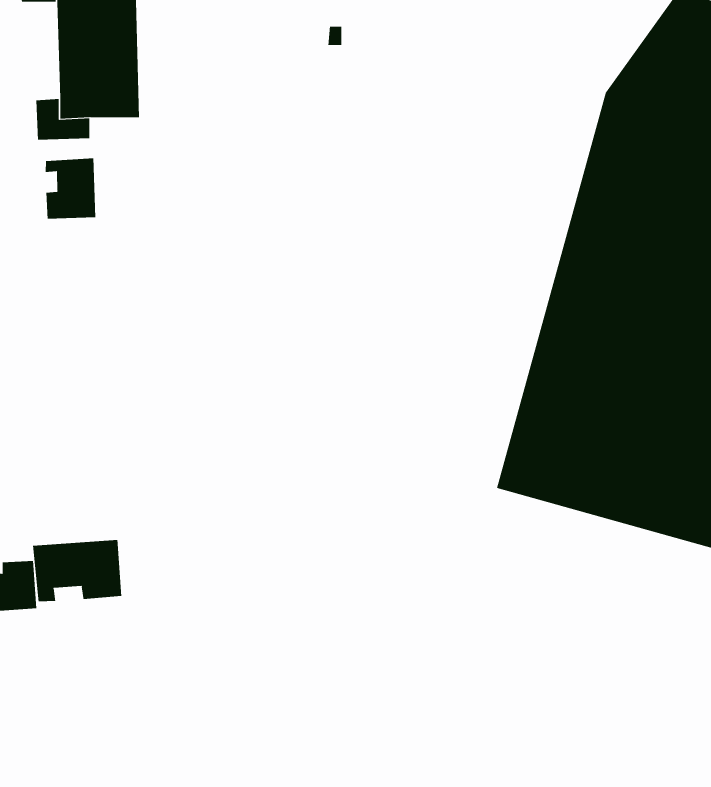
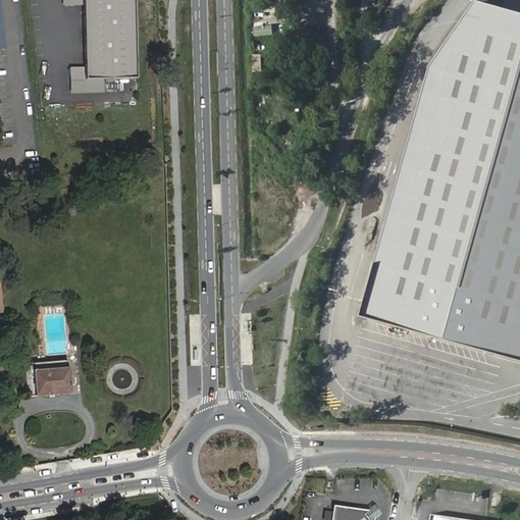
building: [45,157,96,220] -> none
building: [32,539,122,602] -> none

